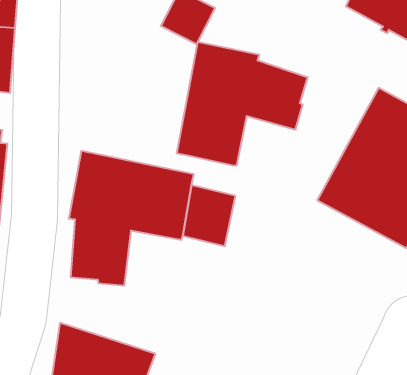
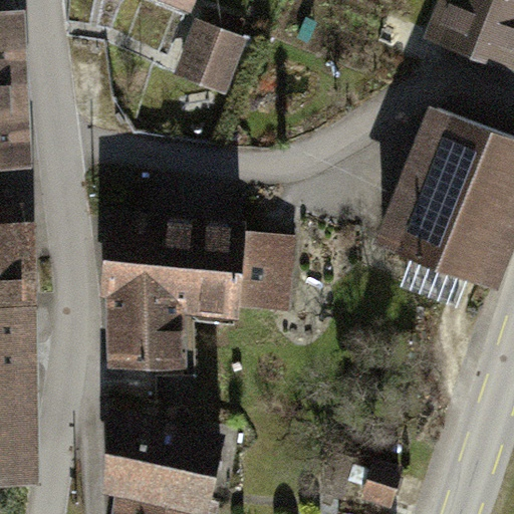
building: [177,42,308,166] -> none

